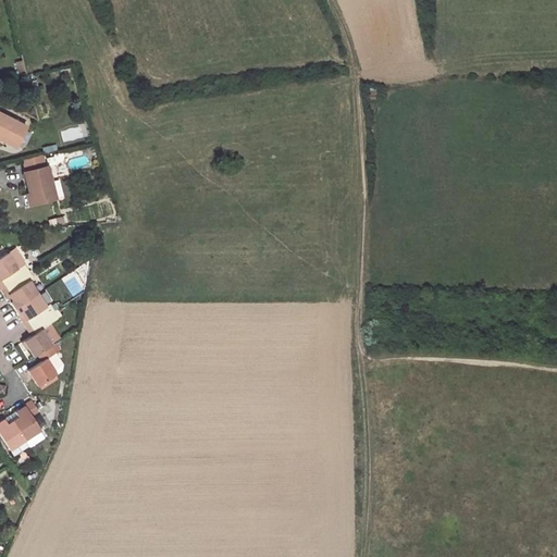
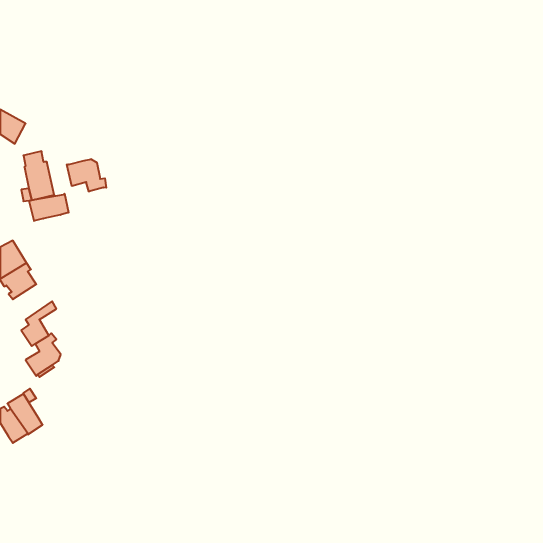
building: none -> [67,159,106,192]
building: none -> [29,194,69,221]
building: [14,292,54,327] -> none

